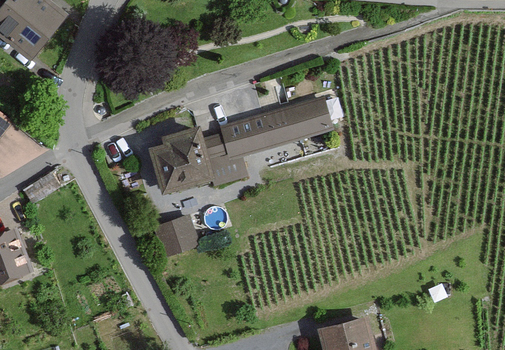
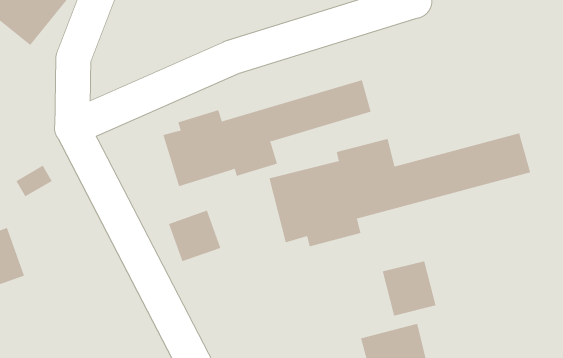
building: none -> [269,133,531,247]
building: none -> [382,260,436,316]

